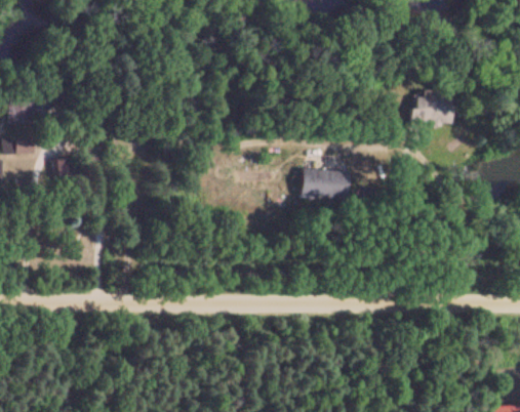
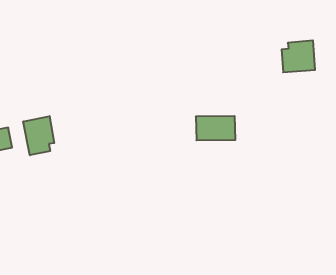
building: none -> [23,116,54,155]

